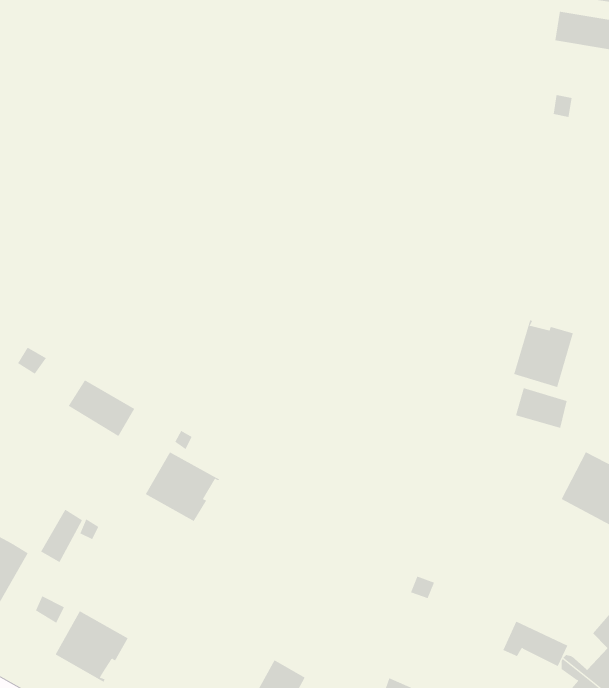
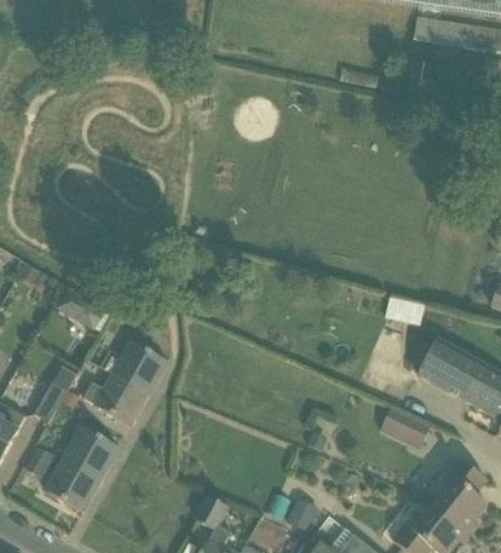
building: [514,320,574,388] -> none
building: none -> [85,371,149,425]
building: none -> [64,426,119,478]
building: [503,621,568,667] -> [381,408,430,442]

